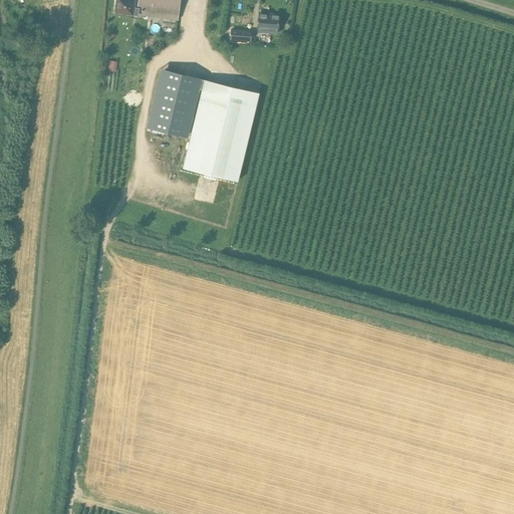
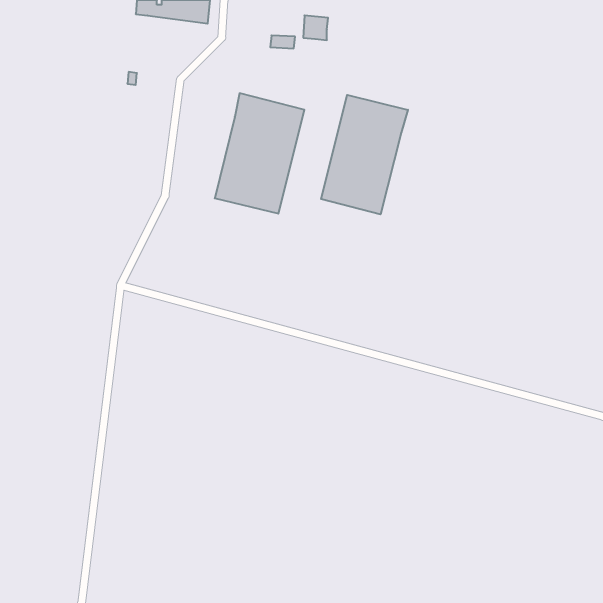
building: [147,69,202,138] -> none
building: none -> [321,95,408,214]

